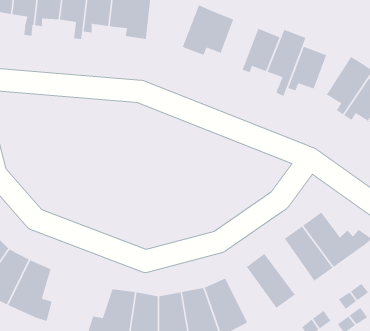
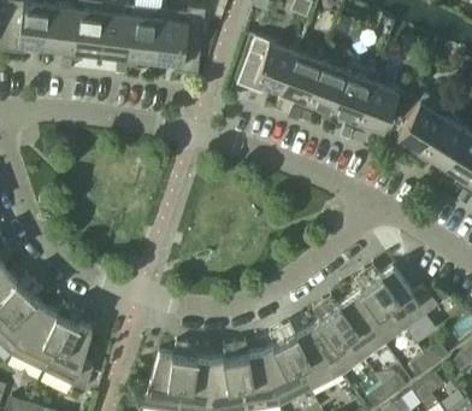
building: none -> [282,53,323,123]
building: none -> [330,298,385,360]
building: none -> [287,329,343,392]

